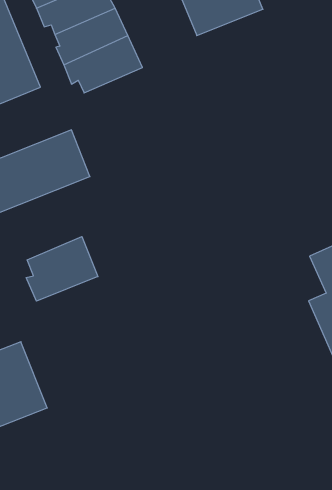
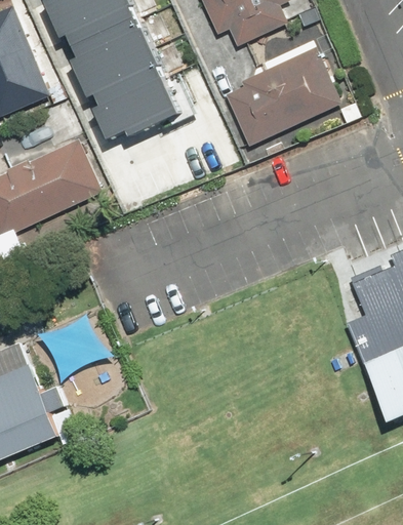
building: none -> [226,49,341,143]
building: none -> [95,77,179,134]
building: [26,237,98,301] -> none

